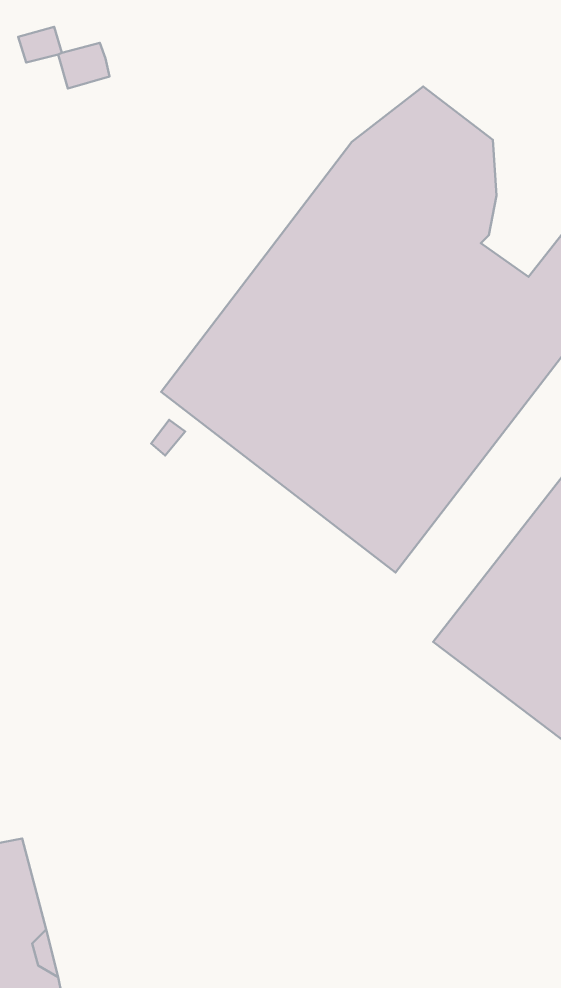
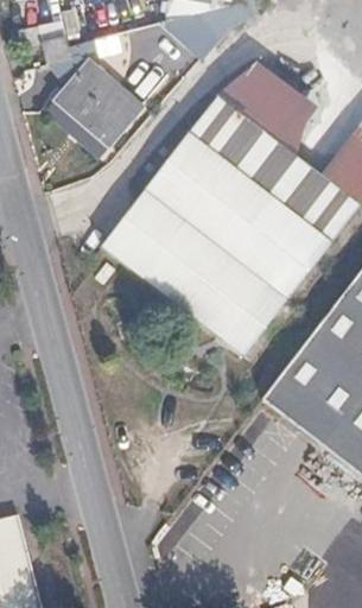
building: none -> [53,61,142,146]

